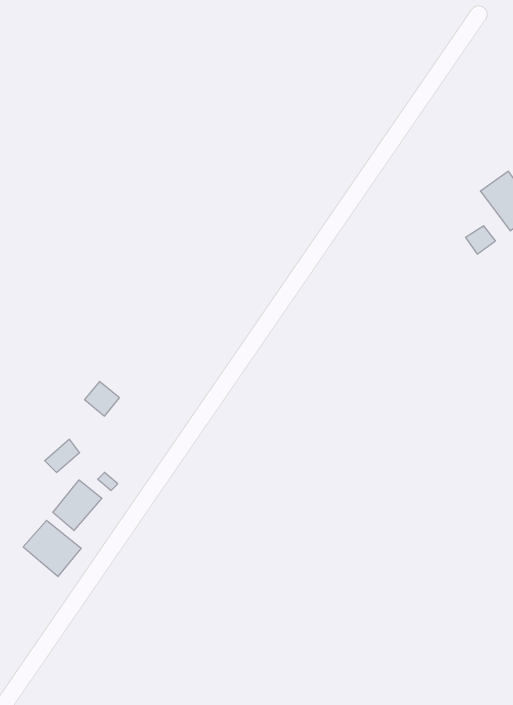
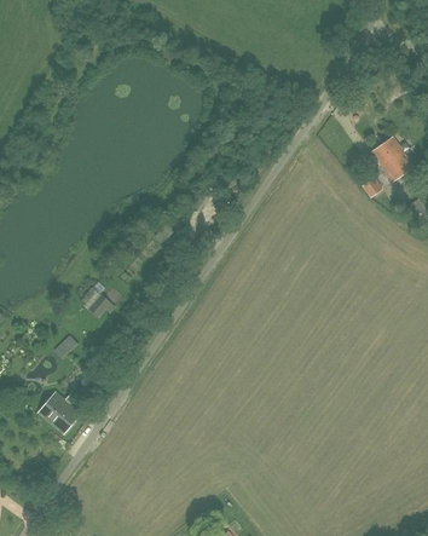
building: [53,480,102,531] -> none

